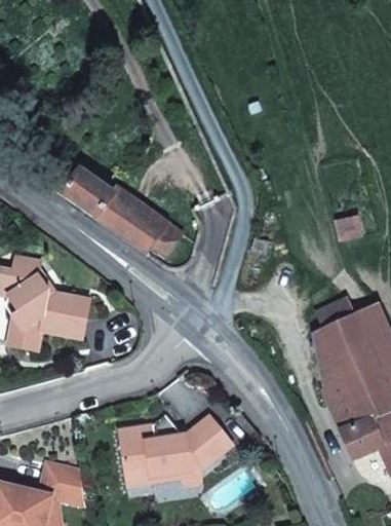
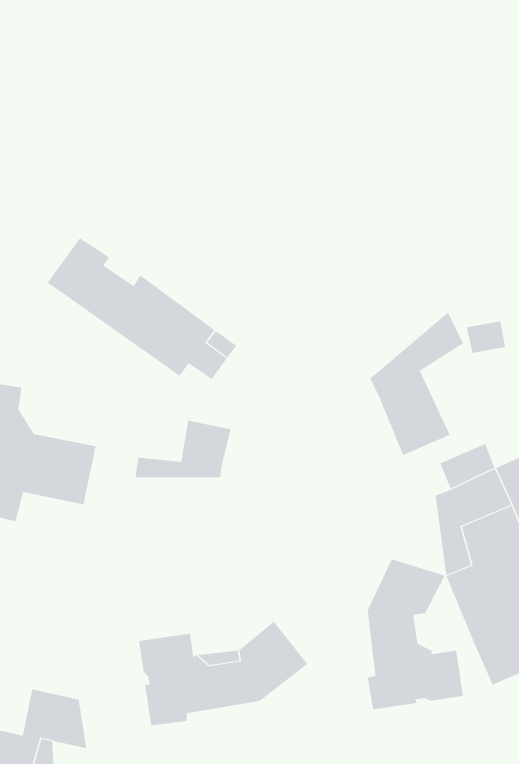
building: none -> [369,311,464,456]
building: none -> [135,420,231,478]
building: none -> [367,558,463,710]

